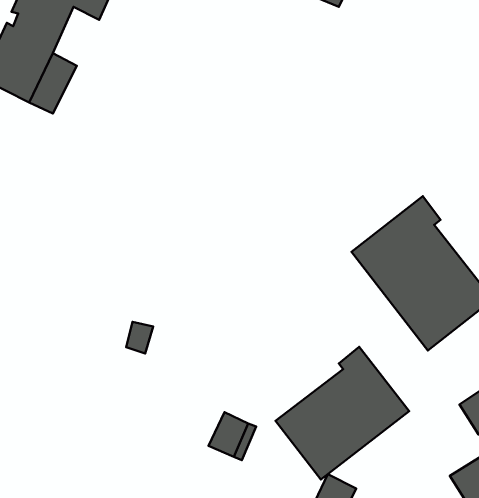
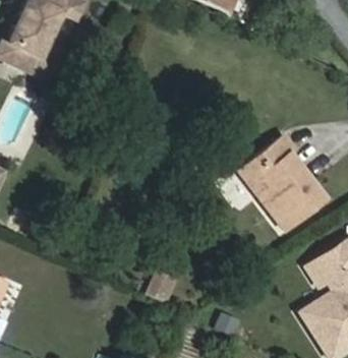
building: [276,347,409,480] -> none

